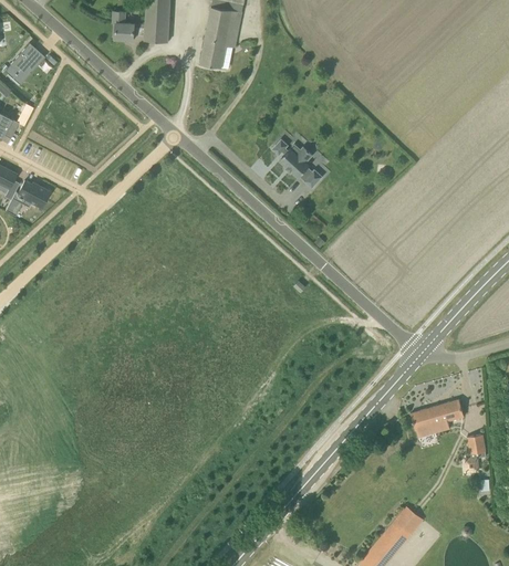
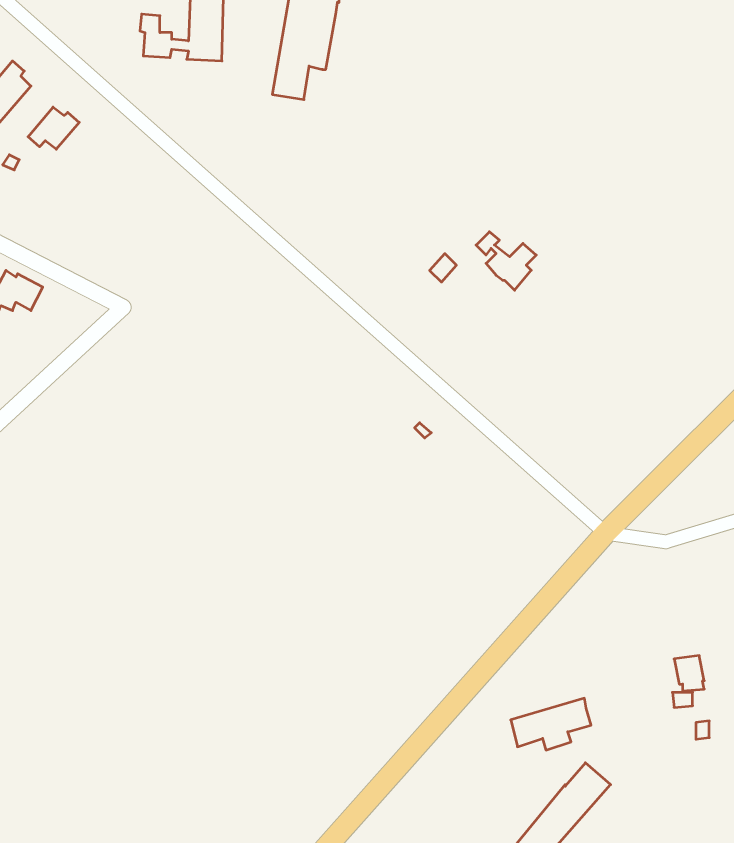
building: none -> [28,107,79,149]
building: [272,140,312,179] -> [476,232,536,290]
building: [411,400,464,434] -> [511,698,591,750]

